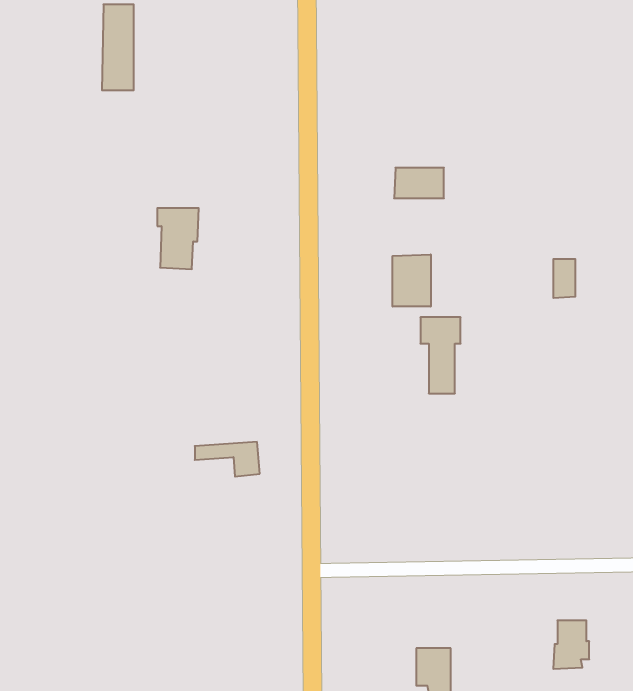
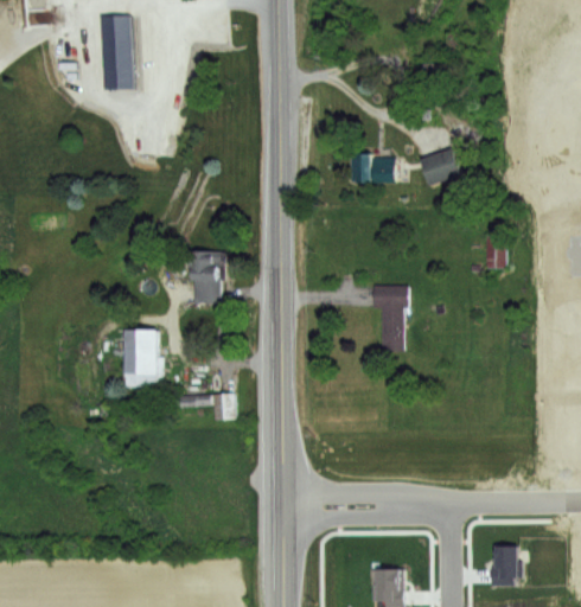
building: none -> [422,152,461,187]
building: [157,208,199,269] -> [191,250,226,302]
building: [393,254,431,307] -> none
building: none -> [126,325,164,386]

